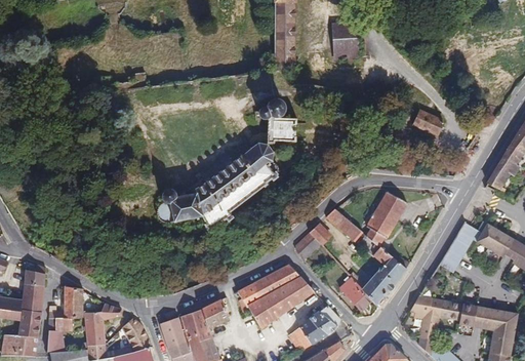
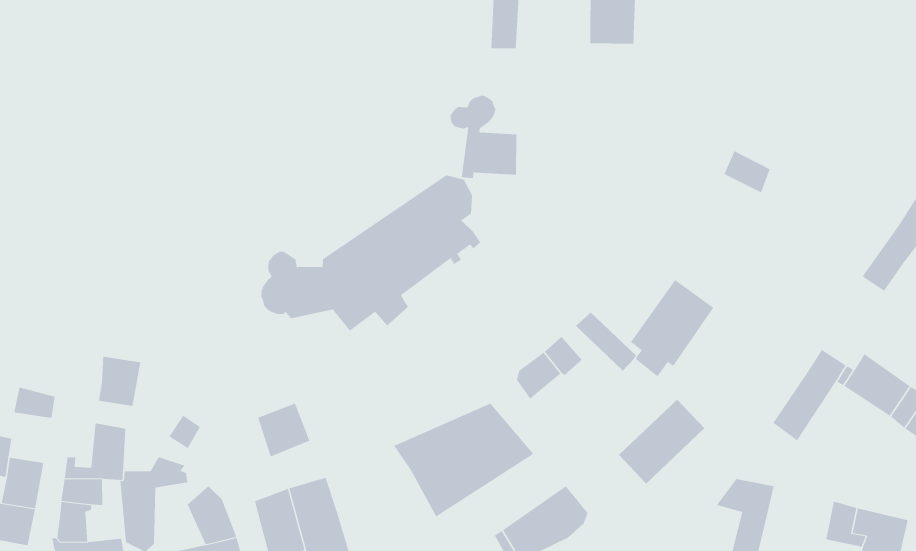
building: [336,277,369,311] -> none
building: [22,283,44,310] -> [98,356,141,407]
building: [196,296,226,327] -> [258,403,310,457]
building: [441,299,477,327] -> none

